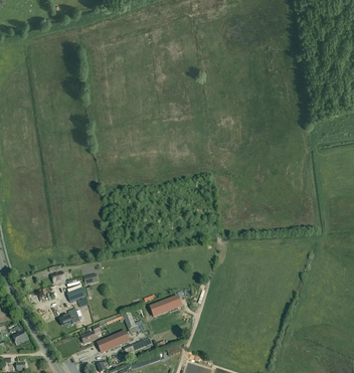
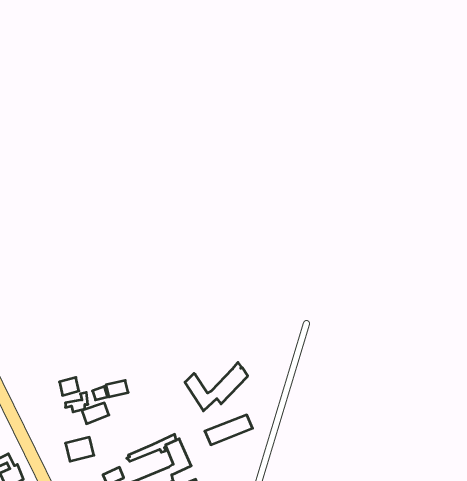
building: none -> [185,362,248,411]

